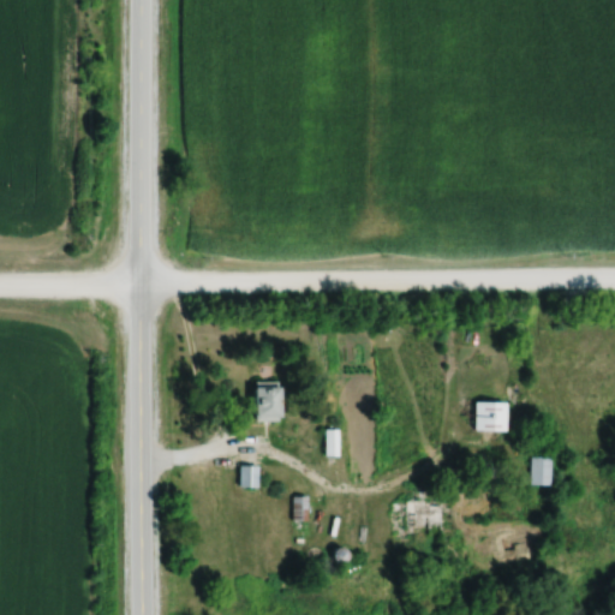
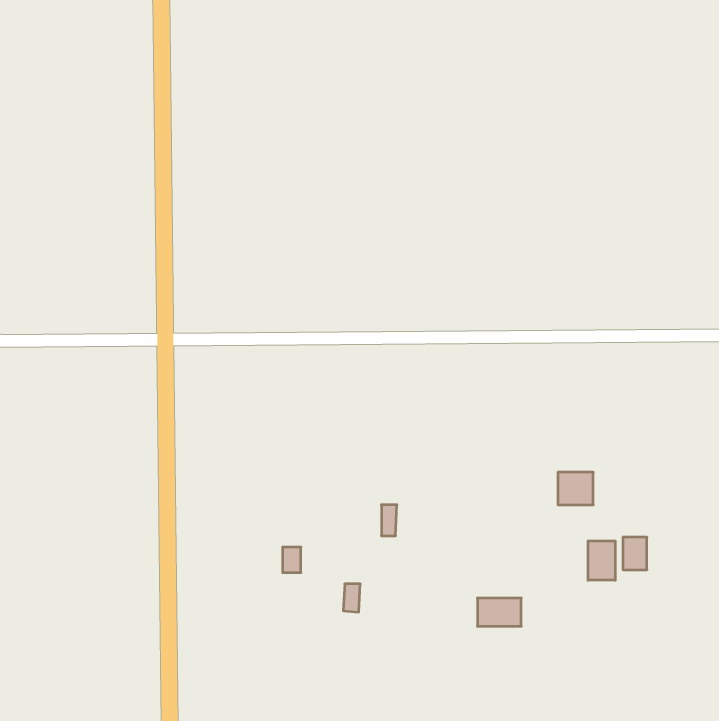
building: [256,382,282,422] -> none
building: none -> [588,541,615,580]

